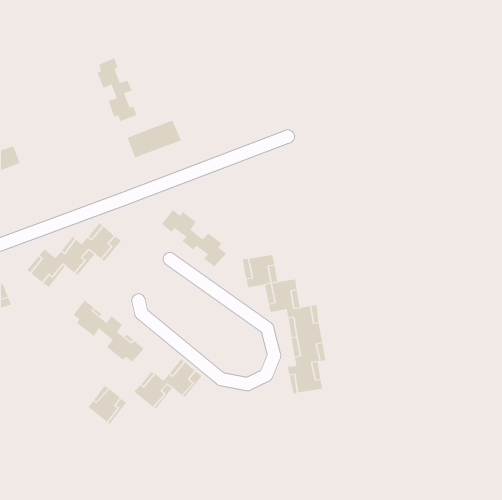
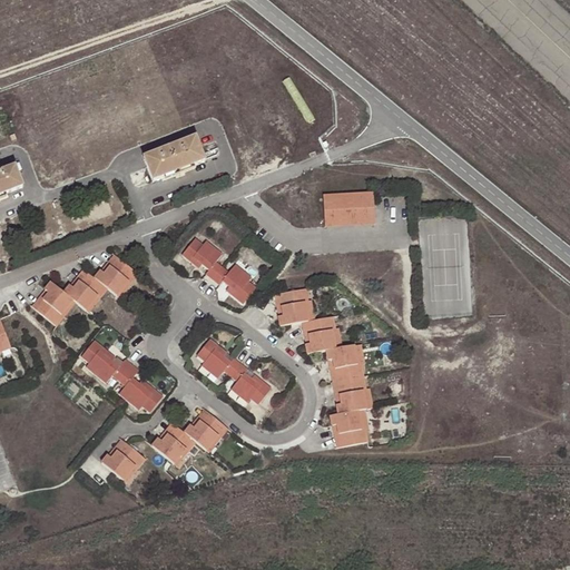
building: [97,58,137,122] -> none
building: none -> [323,194,375,224]
building: none -> [198,338,272,403]

